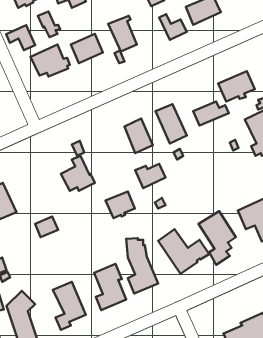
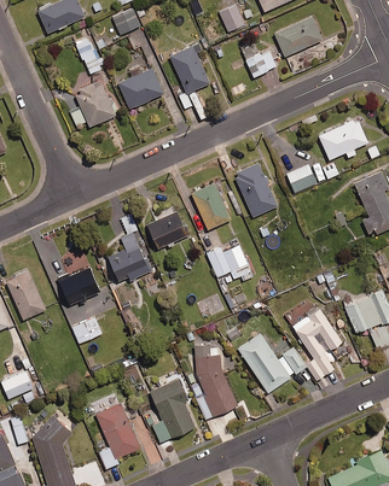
building: [6,25,35,50] -> none
building: none -> [58,268,99,304]
building: [106,191,135,218] -> [147,212,187,248]

